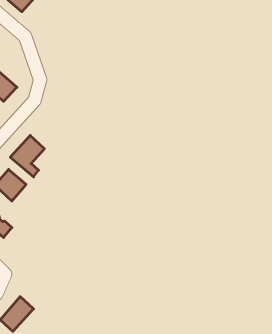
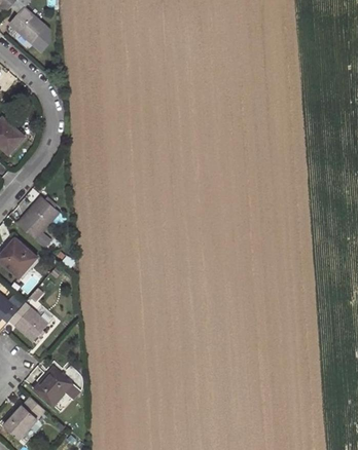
building: none -> [15,307,48,340]
building: none -> [33,365,73,405]

